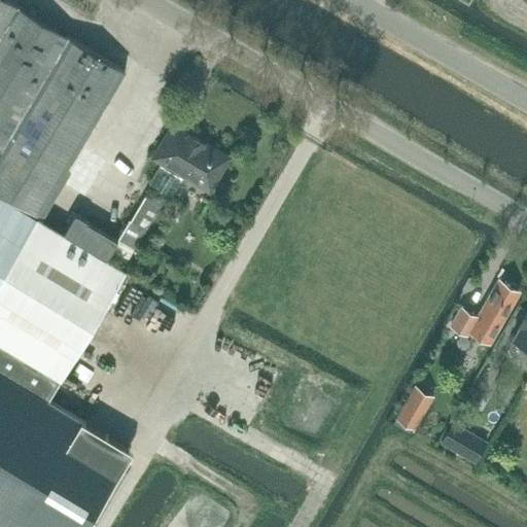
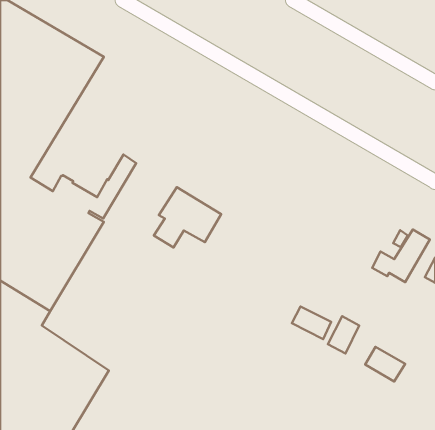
building: [148,128,230,201] -> [154,187,221,247]
building: none -> [292,306,331,339]

